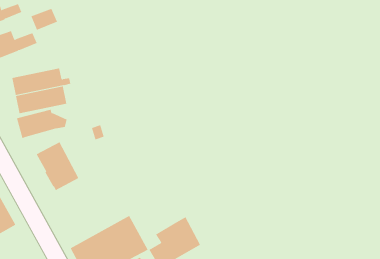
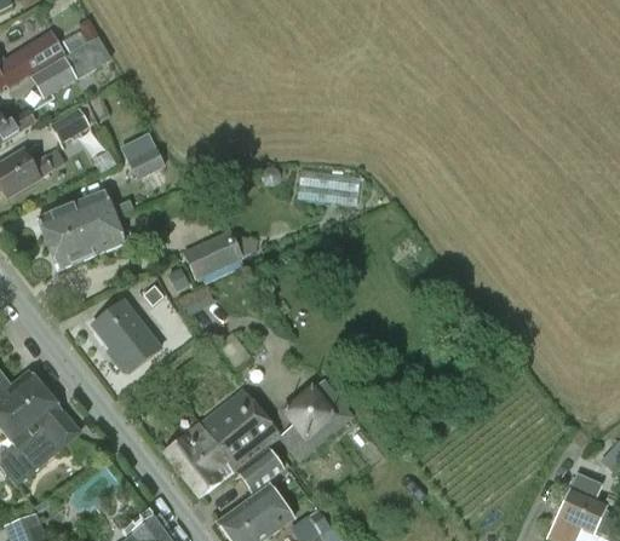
building: none -> [122,136,166,179]
building: none -> [298,168,358,202]
building: [16,109,68,139] -> [183,229,258,280]

